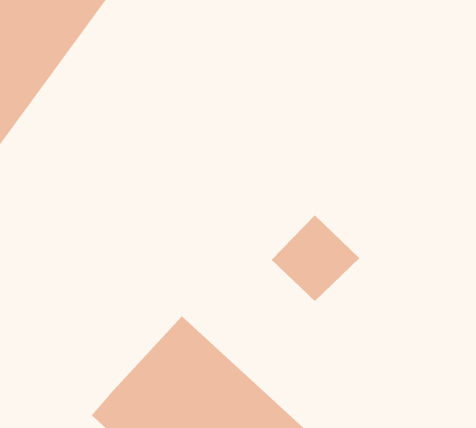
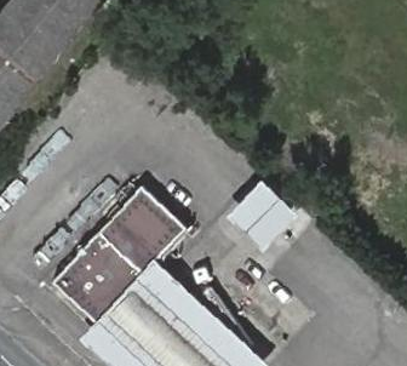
building: none -> [52,184,187,322]

